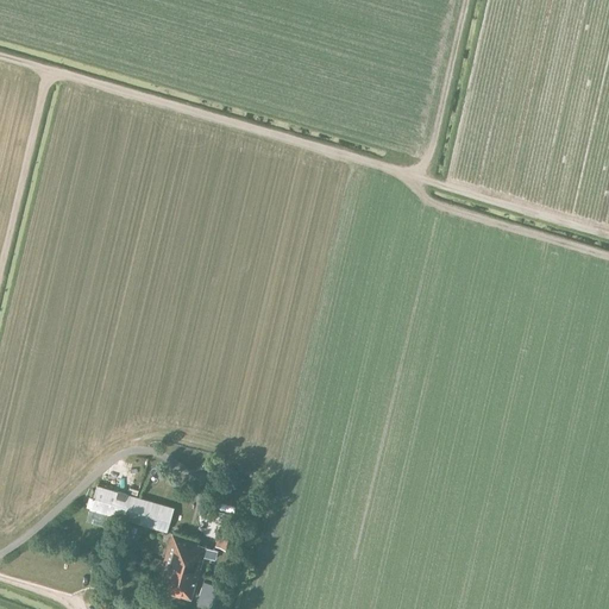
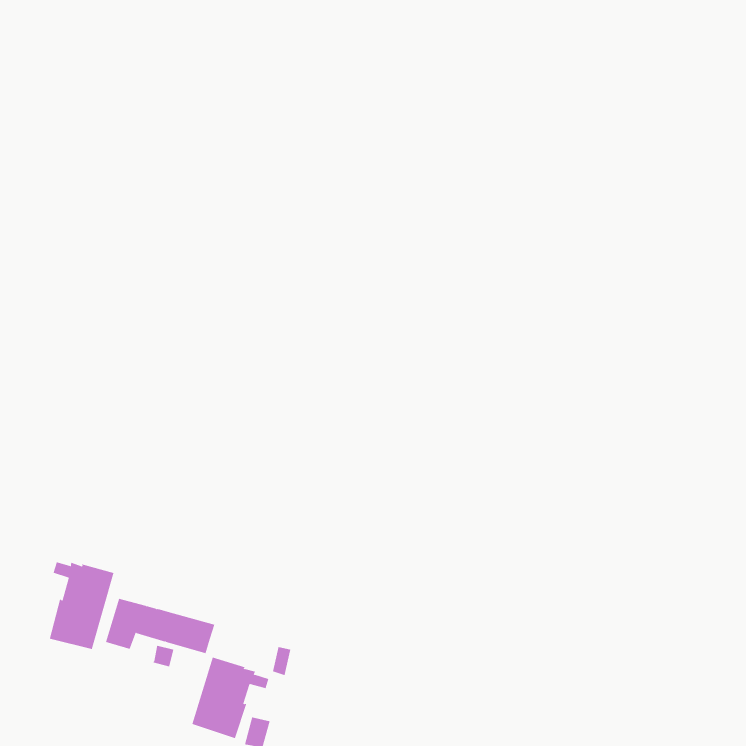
building: none -> [49,562,114,650]

